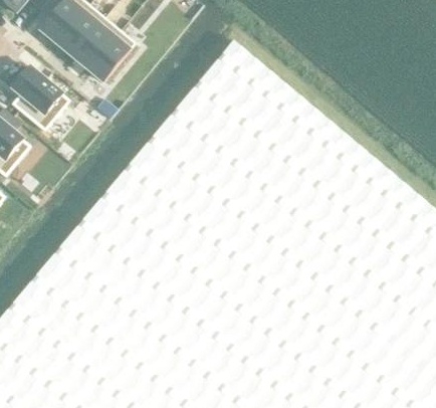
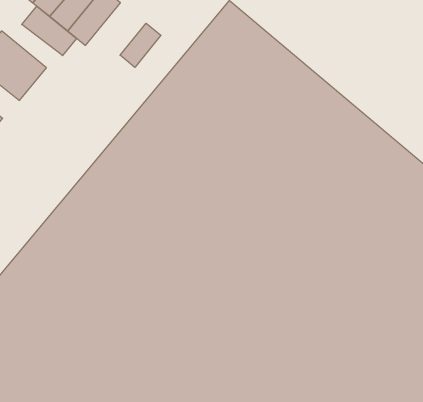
building: none -> [22,6,77,56]
building: none -> [120,23,161,67]

